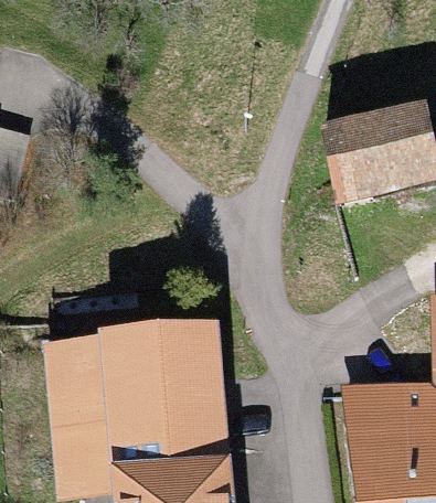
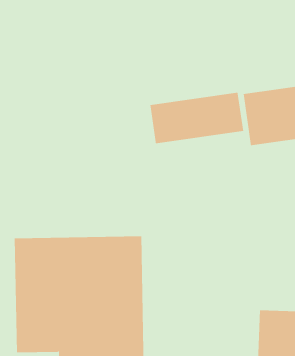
building: none -> [150,92,244,144]

